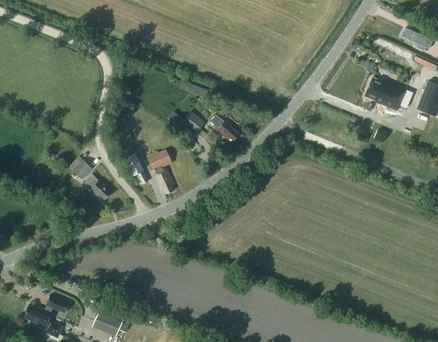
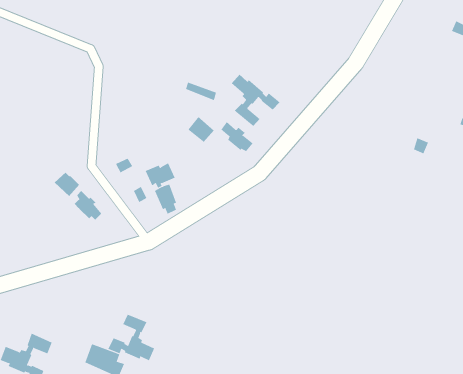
building: none -> [231,74,281,127]
building: [364,78,405,111] -> none
building: none -> [108,314,155,361]

